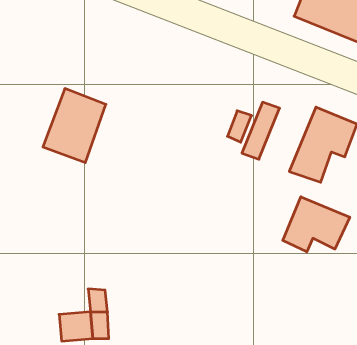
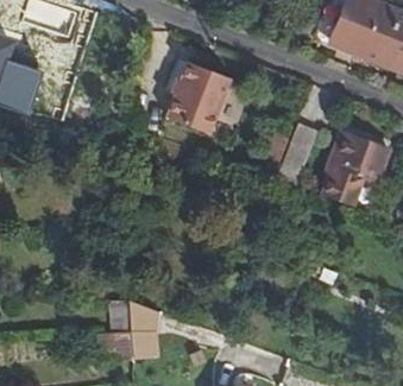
building: [43,89,106,163] -> [169,62,231,134]
building: [283,197,350,252] -> none

